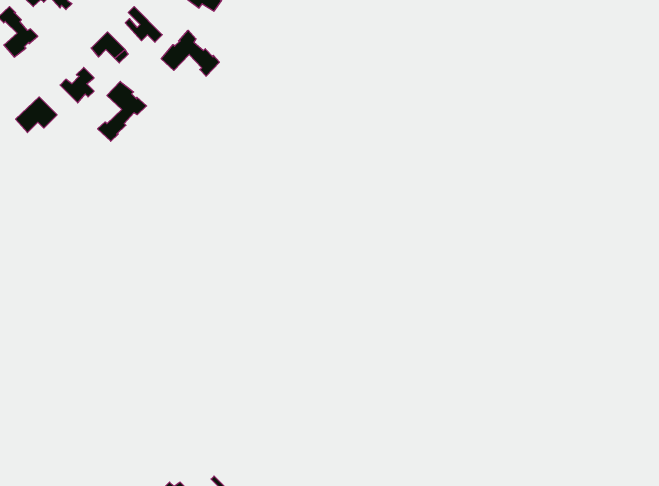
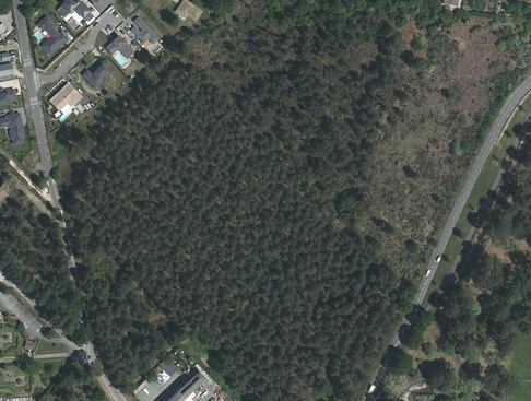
building: [161,30,219,76] -> none
building: [98,81,147,141] -> none

